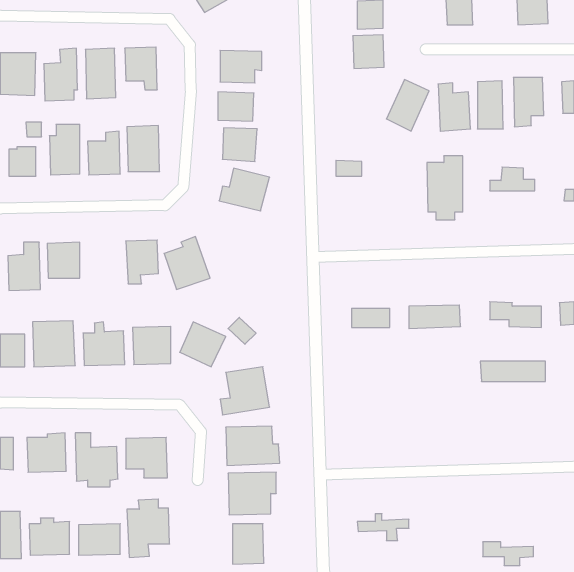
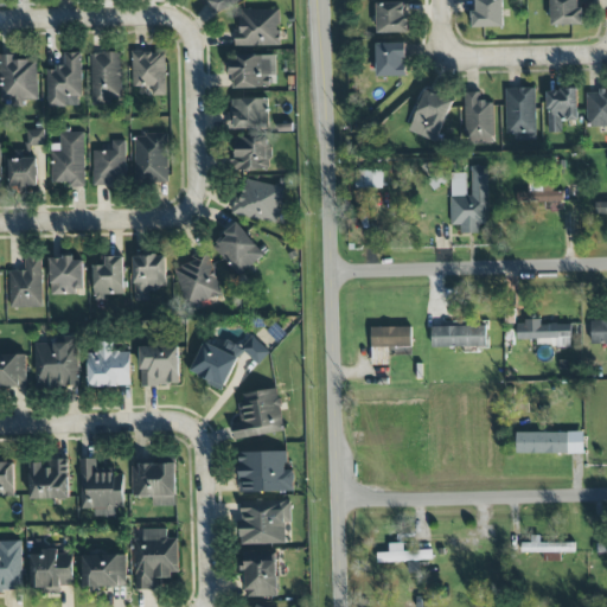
building: none -> [237,7,280,46]
building: none -> [213,222,264,275]
building: none -> [94,255,124,295]
building: [480,361,545,381] -> [516,432,584,453]
building: [483,542,533,565] -> [522,536,575,561]

